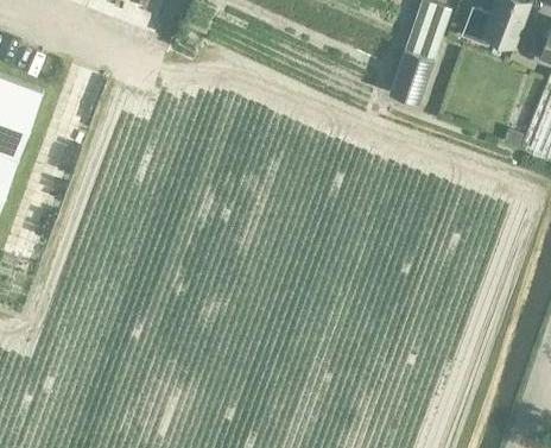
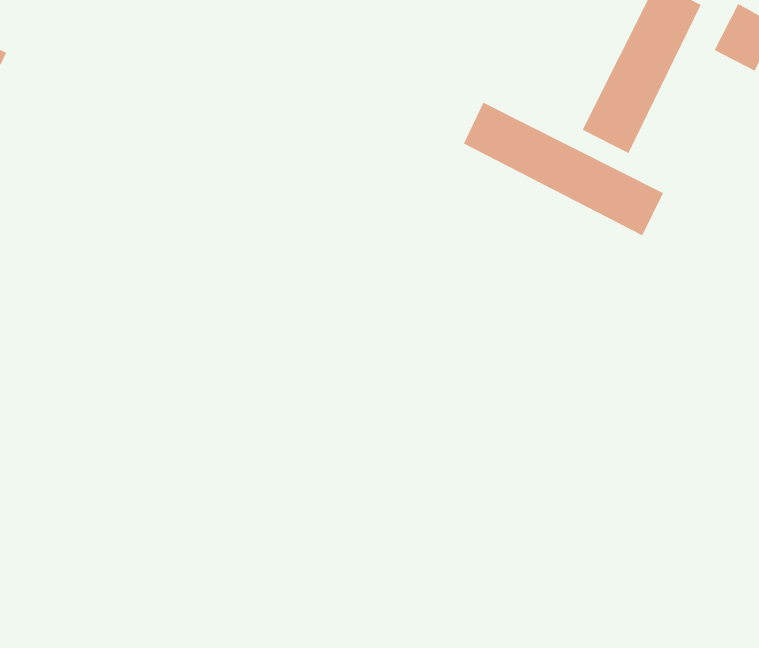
building: none -> [463,102,664,236]

